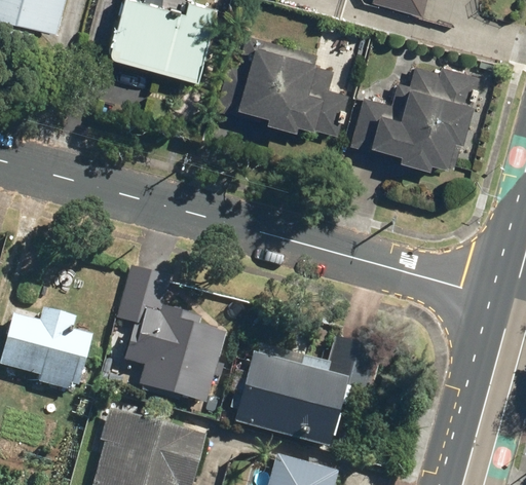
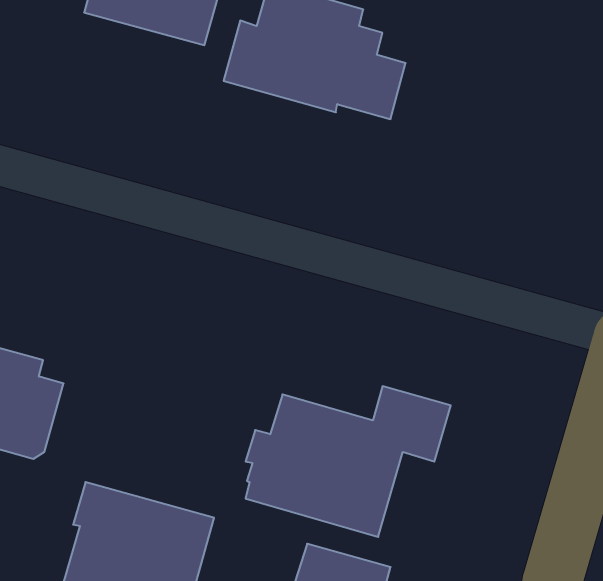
building: [349,67,481,169] -> none
building: [116,266,228,405] -> none

